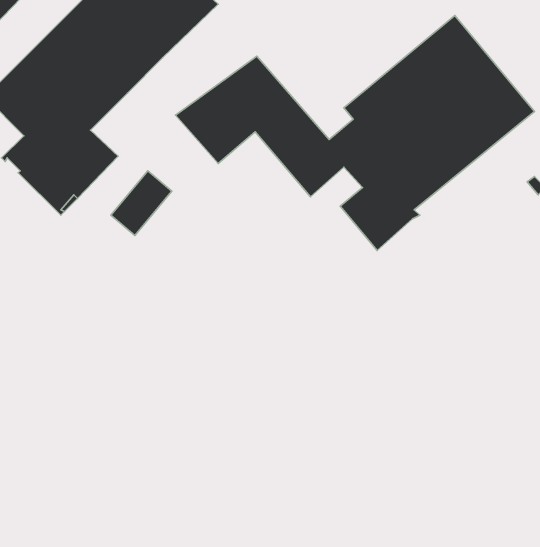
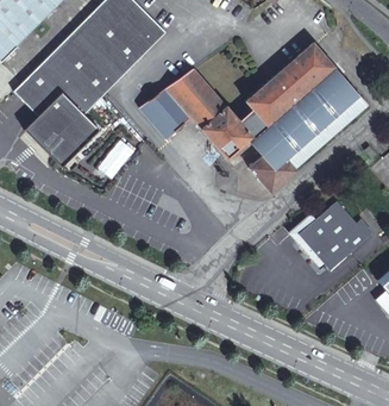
building: none -> [297,198,365,266]

